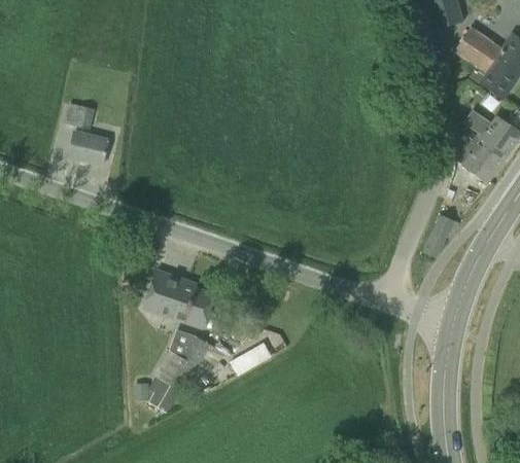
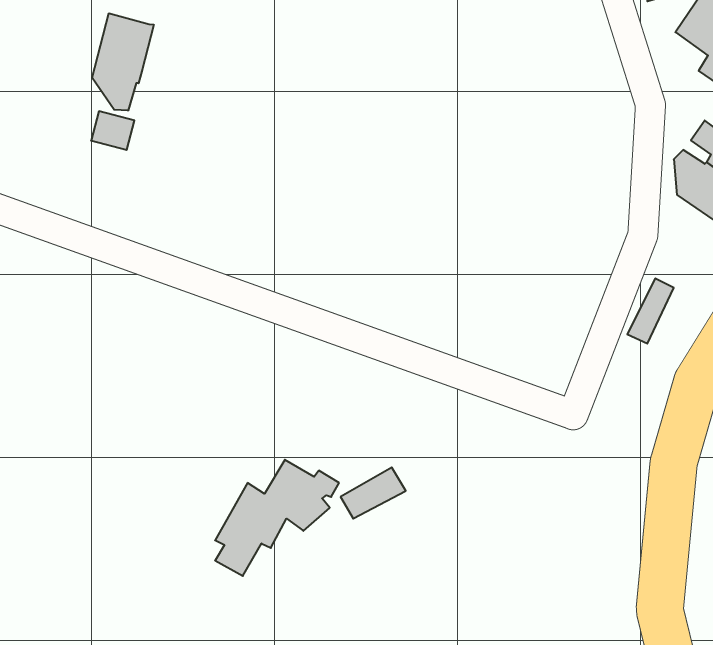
building: none -> [92,13,154,111]
building: [68,130,109,164] -> none
building: [144,270,214,327] -> none

